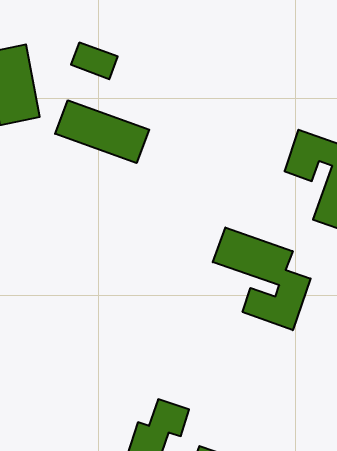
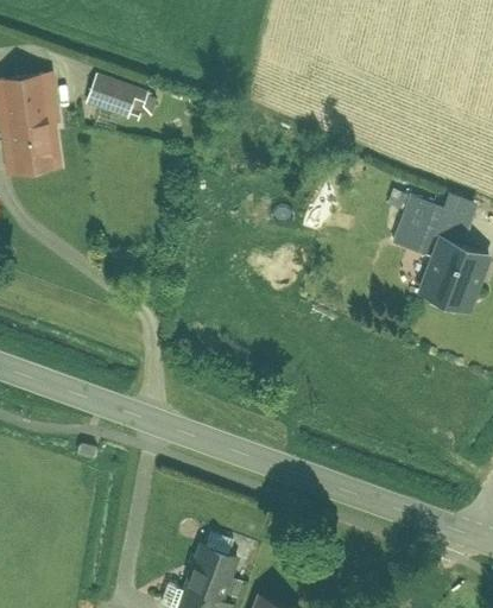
building: [55,100,149,163] -> none
building: [213,227,311,330] -> none

